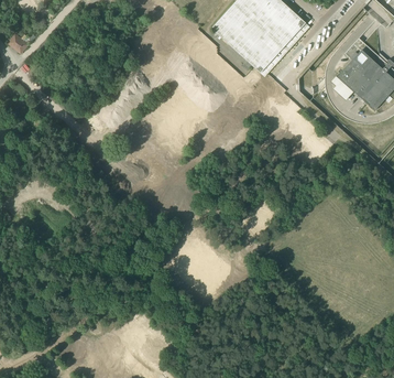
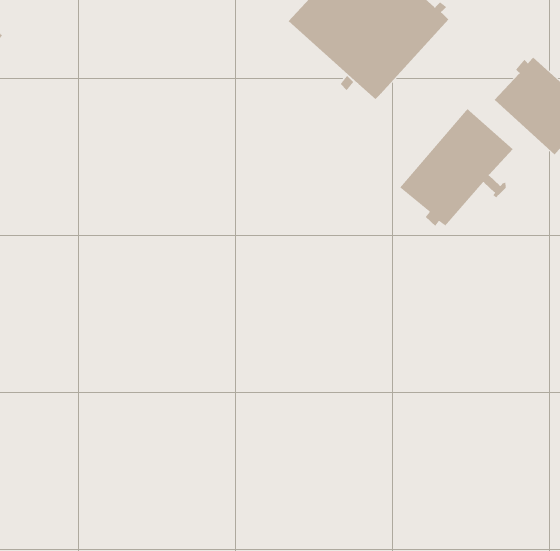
building: none -> [399,108,514,227]

